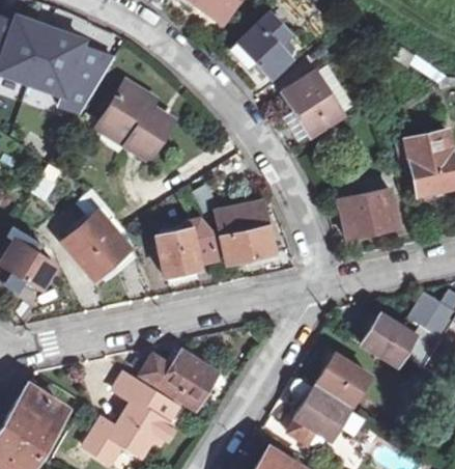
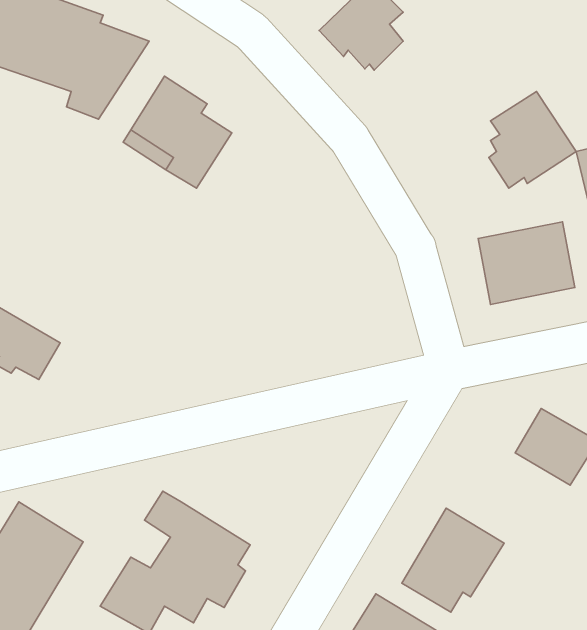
building: [282,77,341,142] -> [489,92,576,188]
building: [216,209,272,270] -> none
building: [64,218,123,278] -> none
building: [160,233,216,279] -> none
building: [138,342,224,410] -> none
building: [317,346,376,402] -> none

